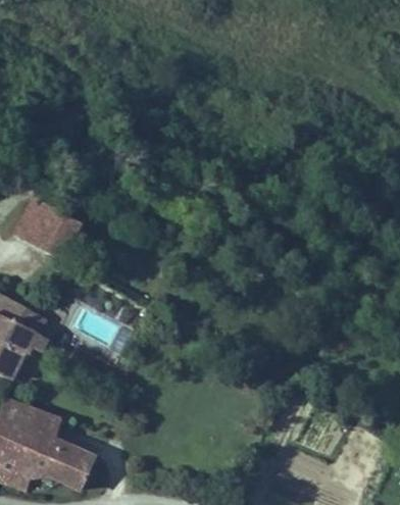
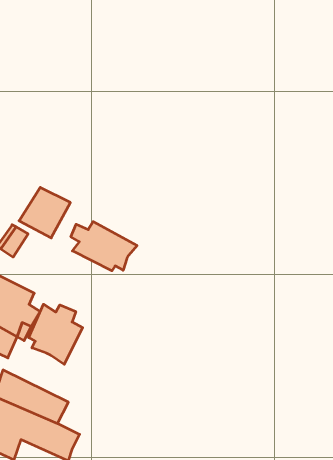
building: none -> [71,222,137,271]
building: none -> [29,304,83,364]

